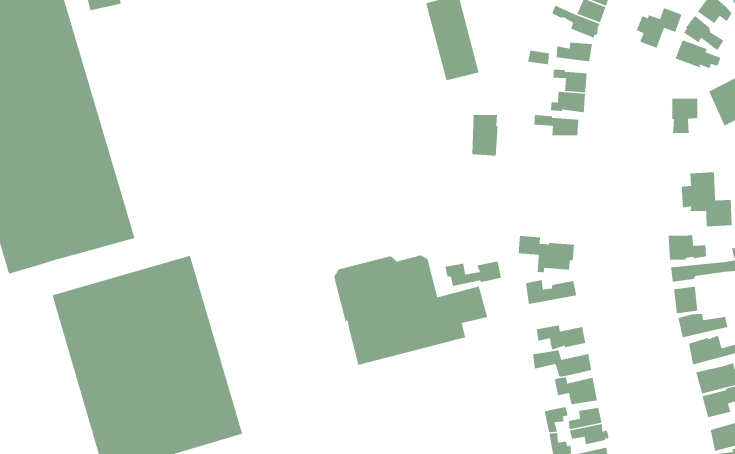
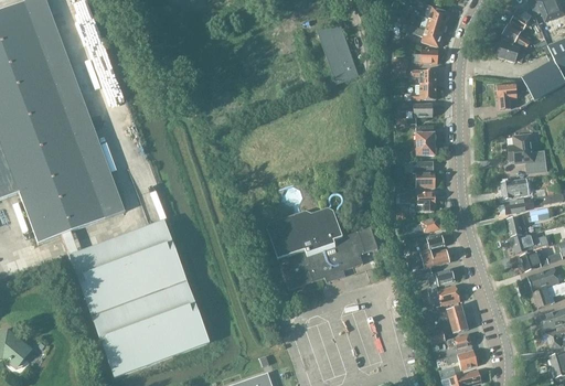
building: [636,7,683,49] -> none
building: [471,114,499,157] -> [415,125,434,154]
building: none -> [404,161,435,187]
building: [445,261,502,287] -> [403,233,444,254]

